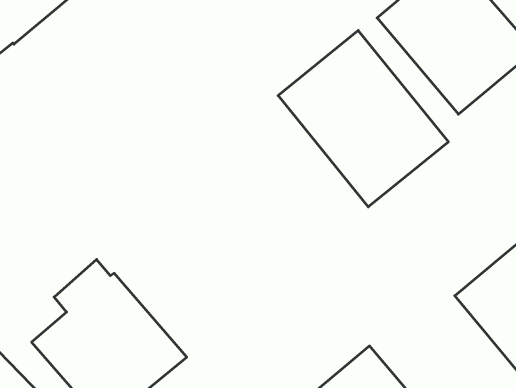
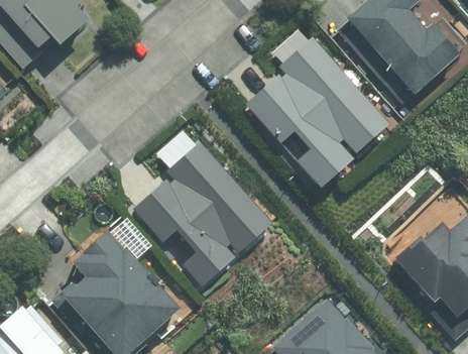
building: none -> [130,153,264,292]

